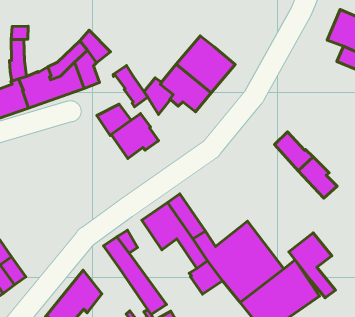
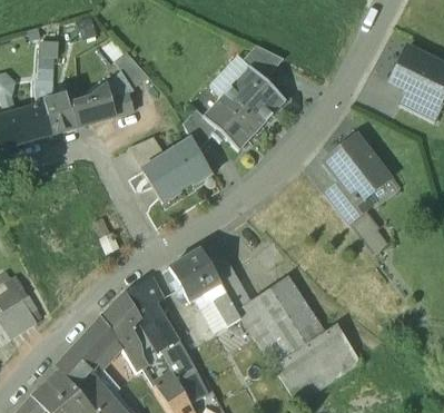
building: none -> [241,45,284,79]
building: [113,65,148,107] -> [175,138,211,185]
building: none -> [326,136,388,201]
building: [289,233,335,298] -> none
building: none -> [101,293,144,364]

